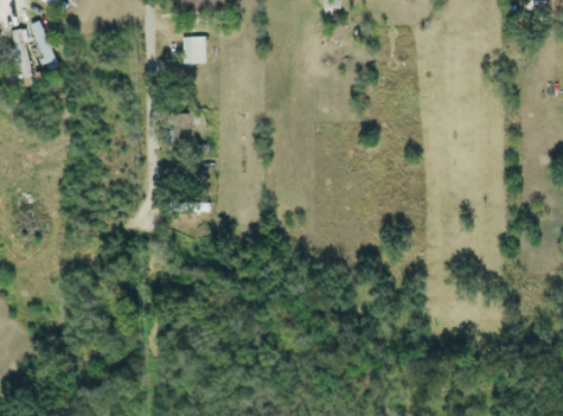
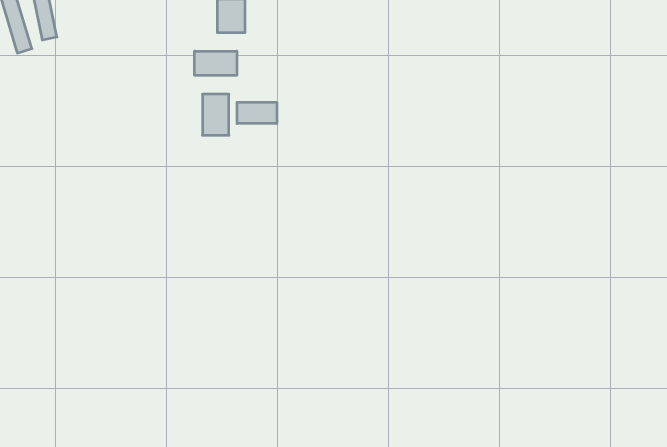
building: none -> [195,51,237,75]
building: none -> [237,102,277,124]

